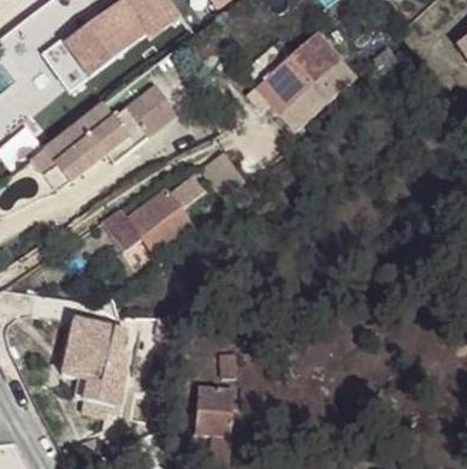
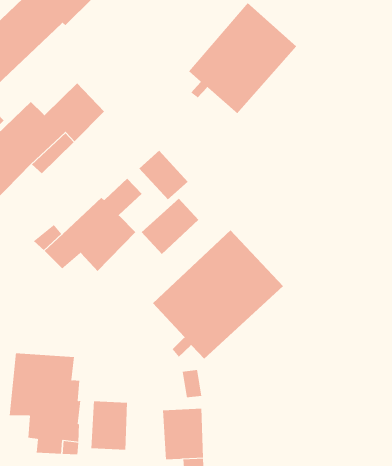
building: none -> [141,198,199,255]
building: none -> [152,230,284,359]
building: none -> [91,401,127,451]

